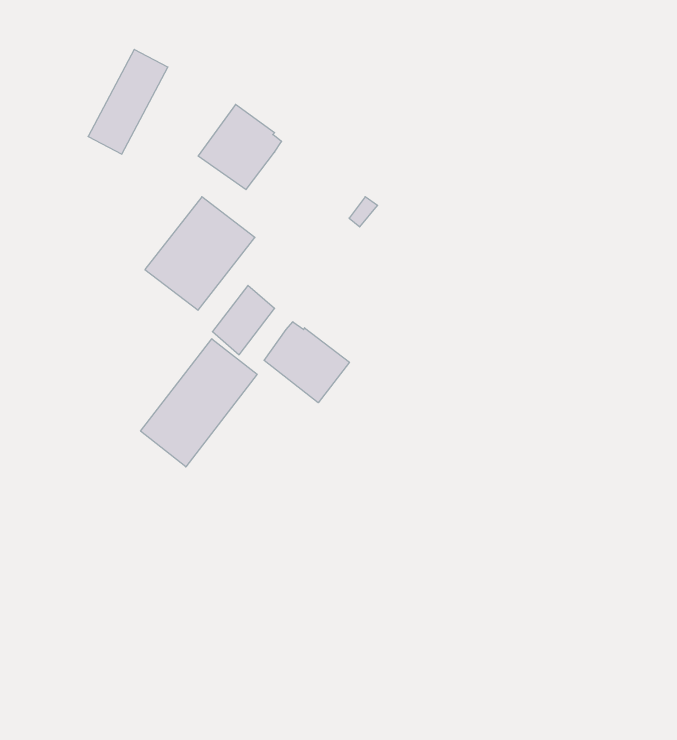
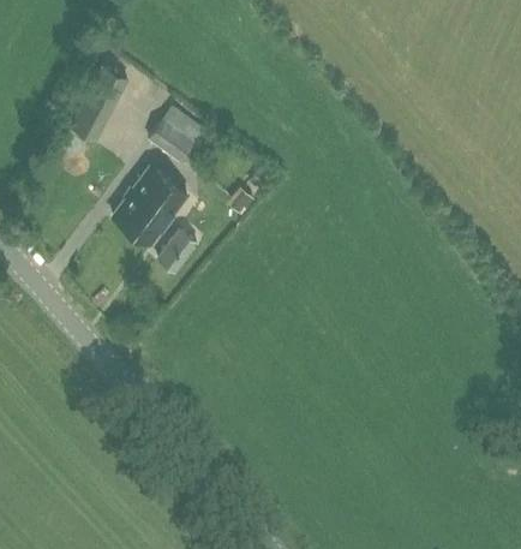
building: [264,322,349,403] -> none
building: [141,339,257,467] -> none

